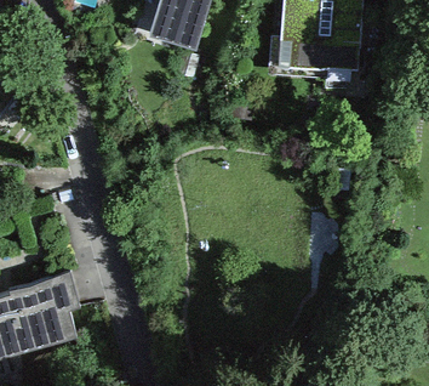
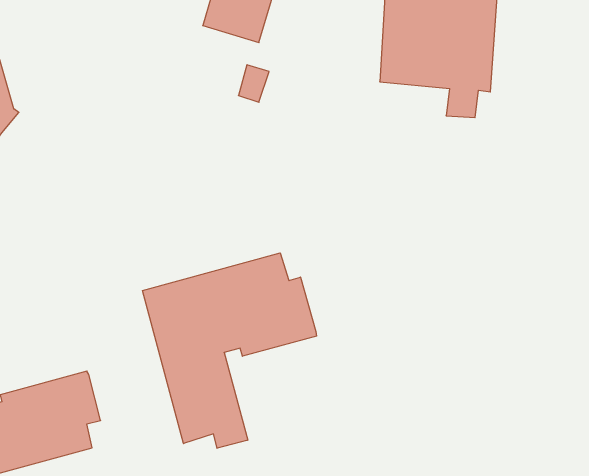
building: none -> [142,253,316,448]

